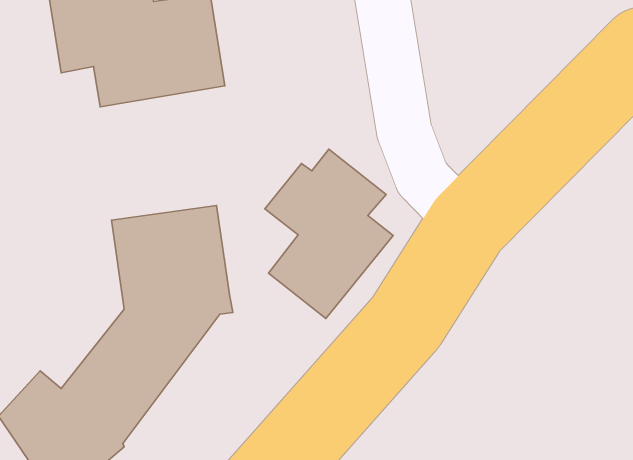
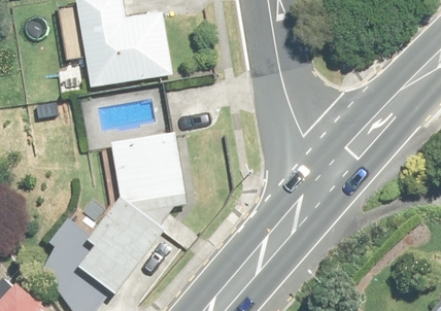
building: [265,149,393,319] -> none

